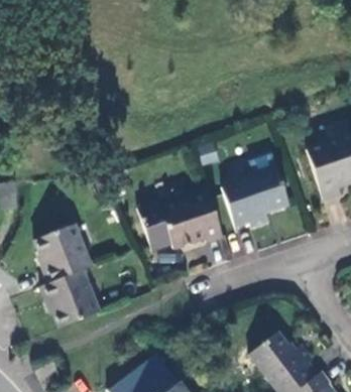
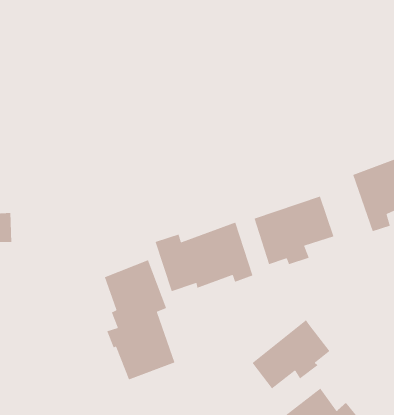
building: [38,224,100,328] -> [104,259,176,380]
building: none -> [252,319,330,389]

